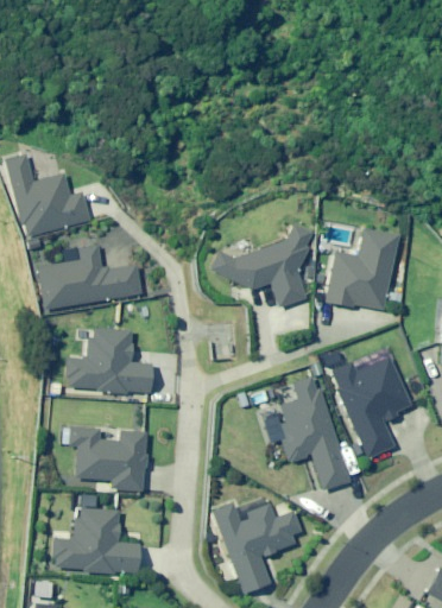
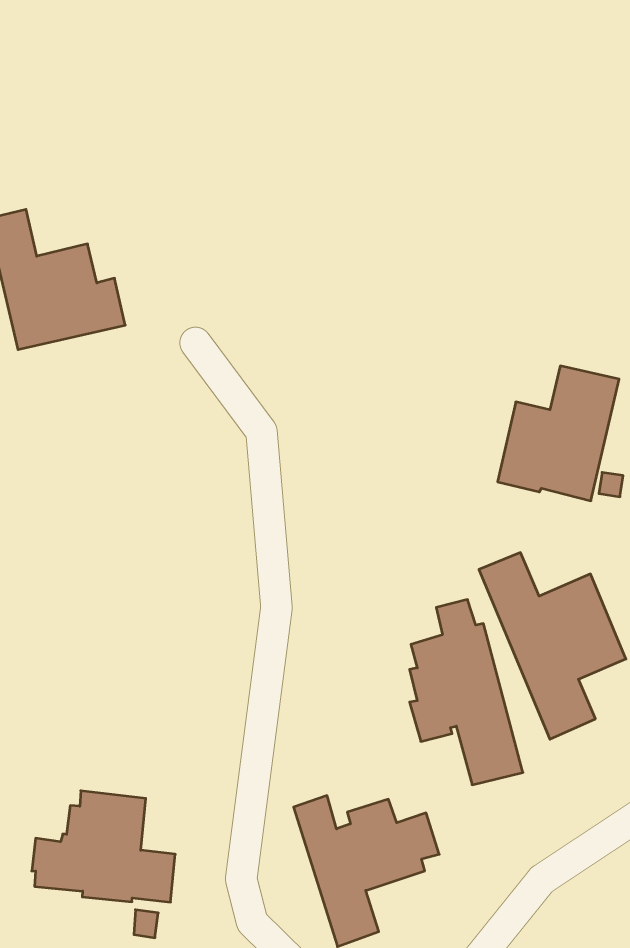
building: [209,222,310,306] -> none
building: [36,243,141,308] -> none
building: [65,328,152,393] -> none
building: [70,428,149,492] -> none

